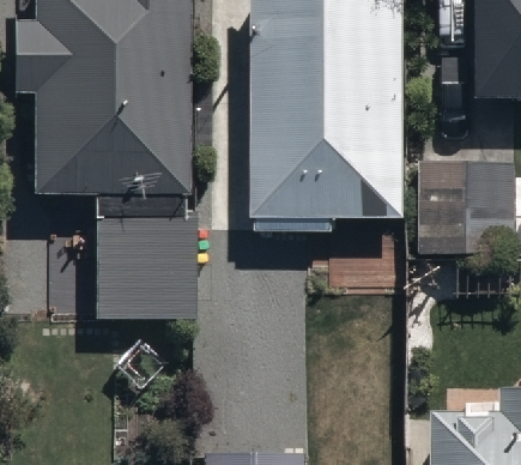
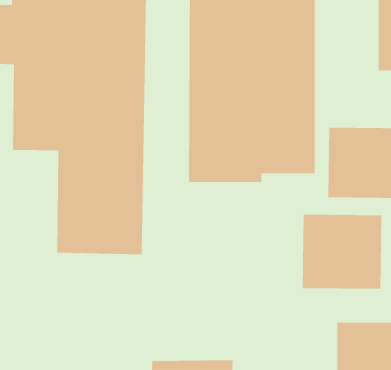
building: none -> [302,214,382,290]

